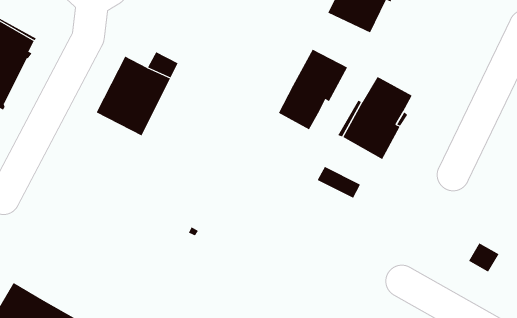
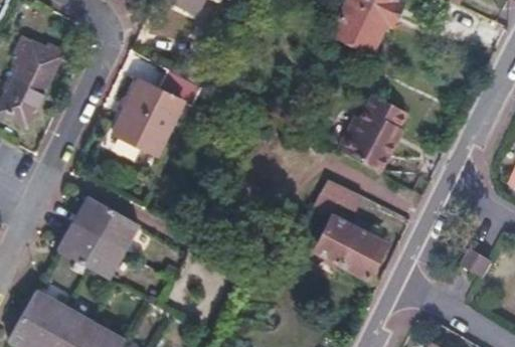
building: [278,49,348,130] -> none
building: none -> [58,194,138,276]
building: none -> [313,216,384,280]

